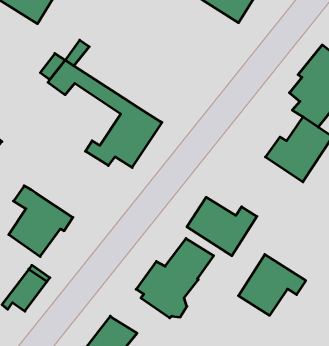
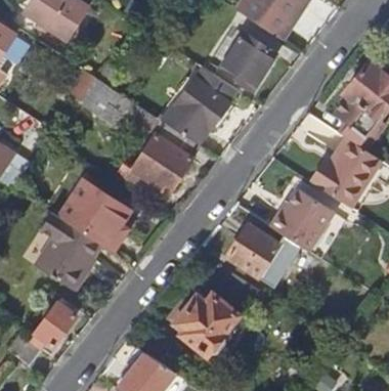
building: none -> [221,32,276,90]
building: none -> [158,63,234,143]
building: none -> [59,180,130,251]
building: none -> [269,190,334,251]
building: [238,254,306,315] -> none

